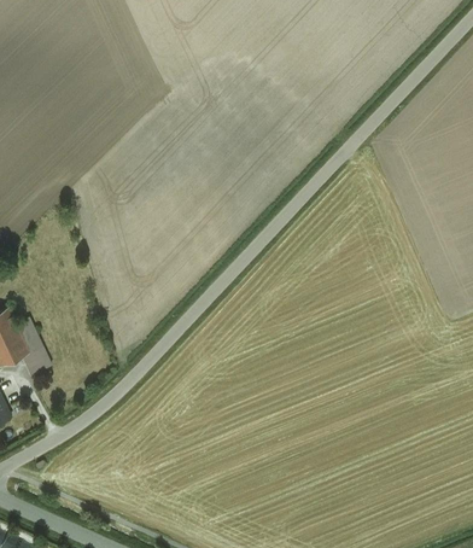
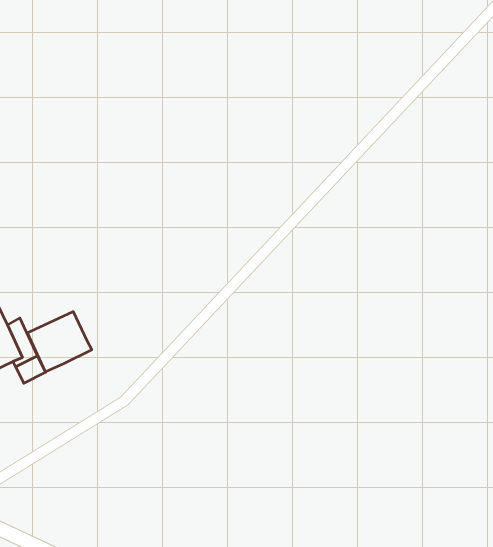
building: none -> [28,312,92,372]

